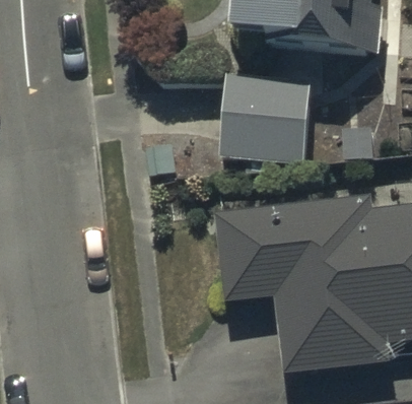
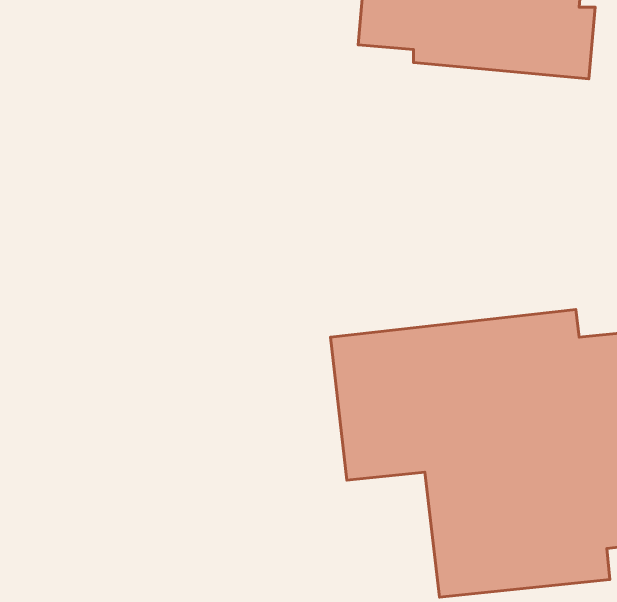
building: [219,71,312,163] -> none

